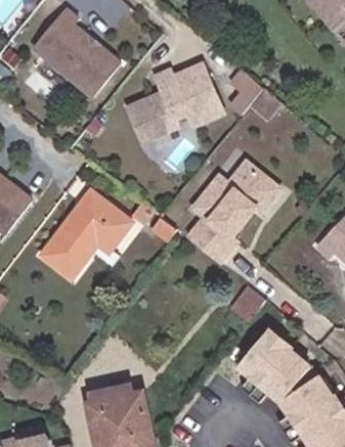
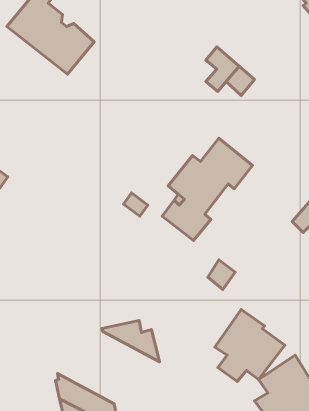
building: [127,64,224,146] -> none
building: [41,190,130,277] -> none
building: [82,387,140,429] -> [102,320,160,362]

